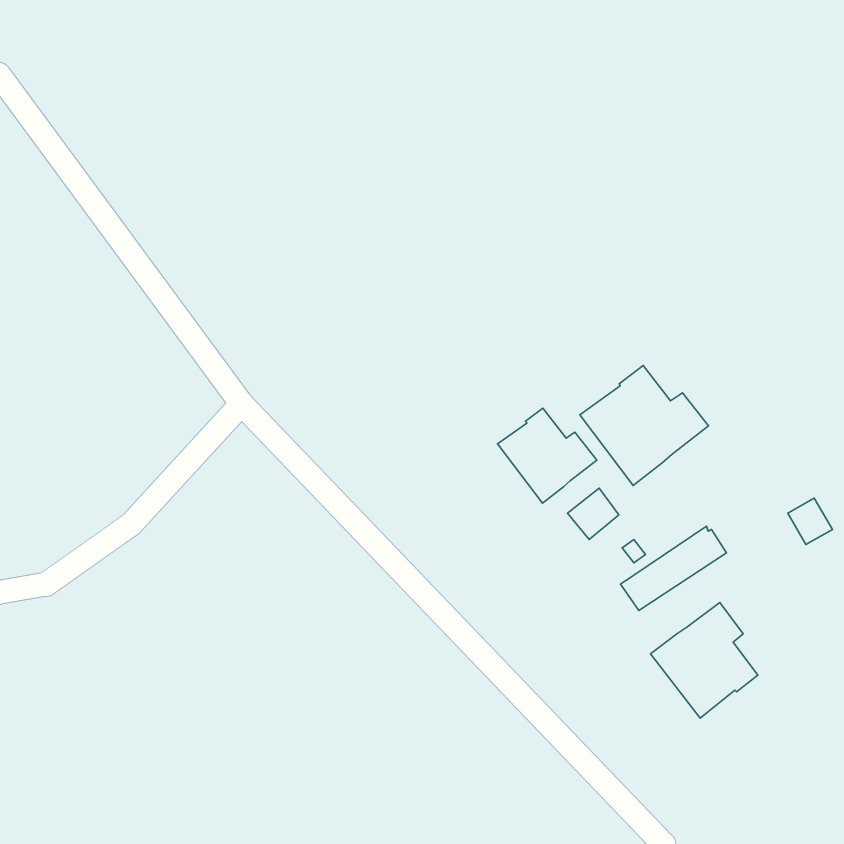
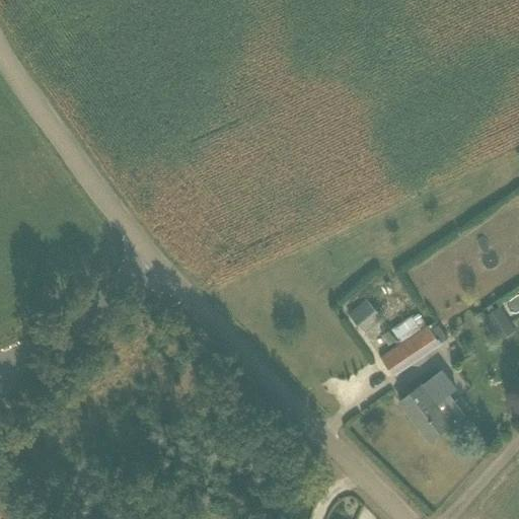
building: [580,365,709,485] -> none
building: [497,408,597,503] -> none

